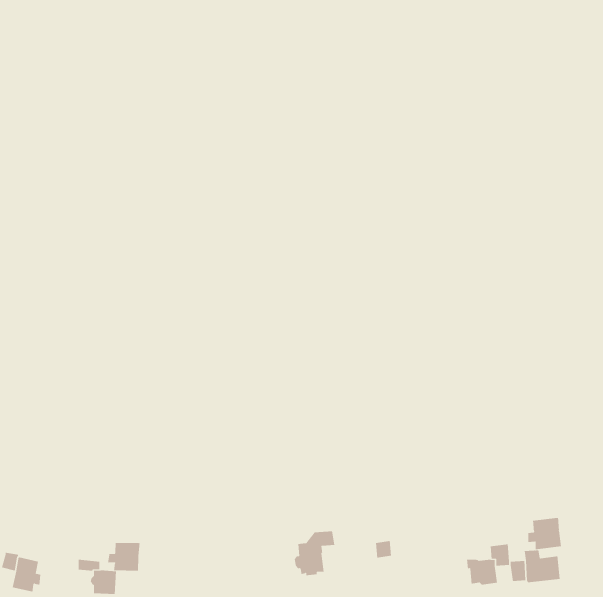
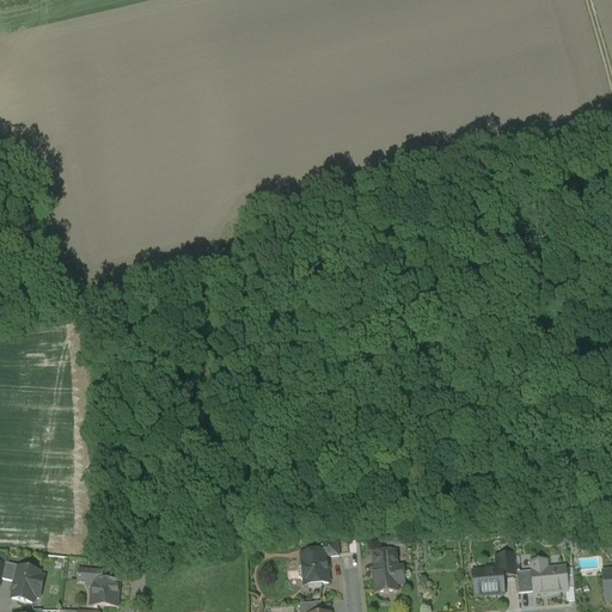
building: [528,517,561,550] -> none
building: [108,542,140,572] -> none
building: none -> [374,563,404,589]

